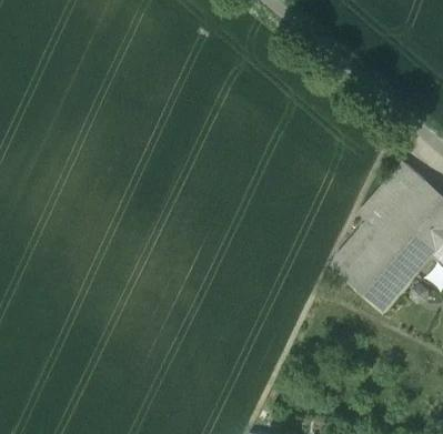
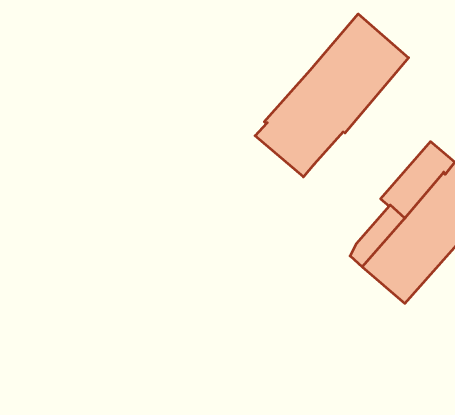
building: none -> [255,14,409,177]

